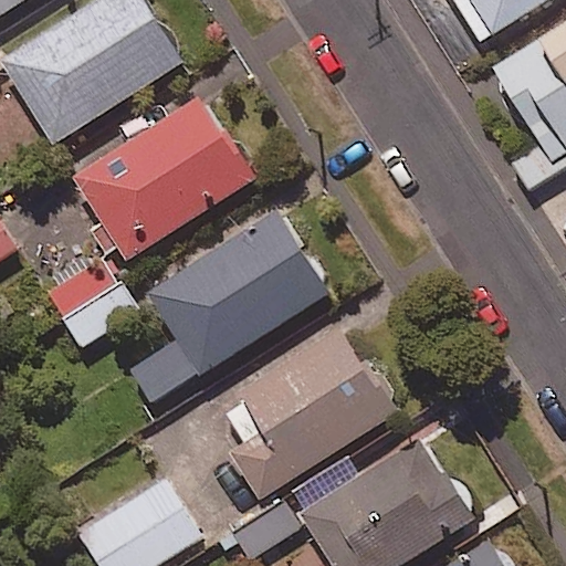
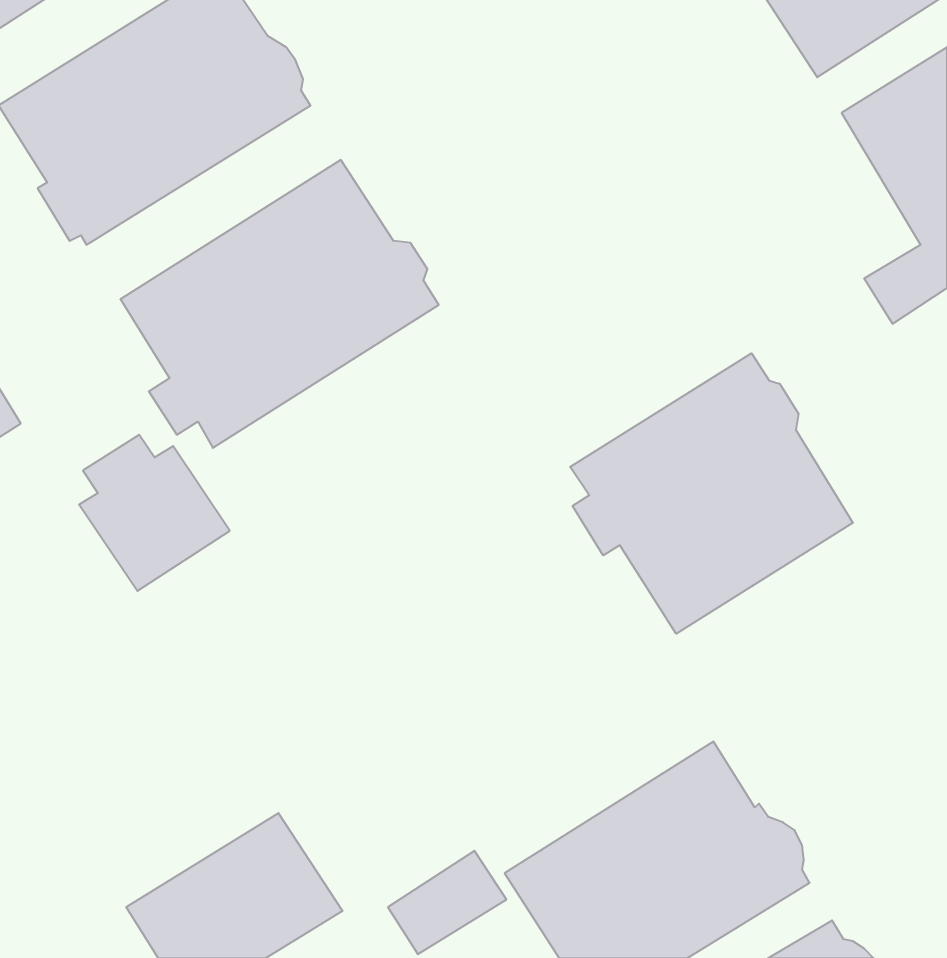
building: none -> [570,353,853,634]
building: [130,211,329,403] -> none
building: [227,327,397,501] -> none

